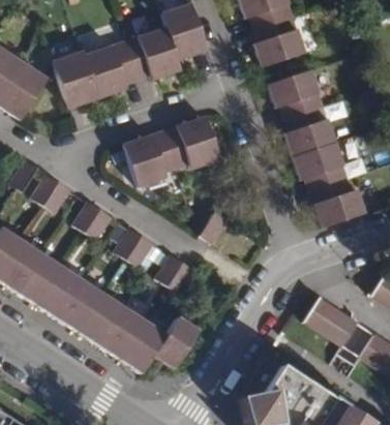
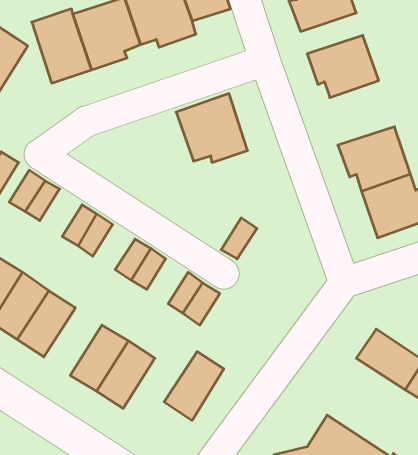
building: [282,104,334,155] -> none
building: [122,129,177,187] -> none
building: [60,282,106,335] -> none
building: [122,322,168,374] -> none

